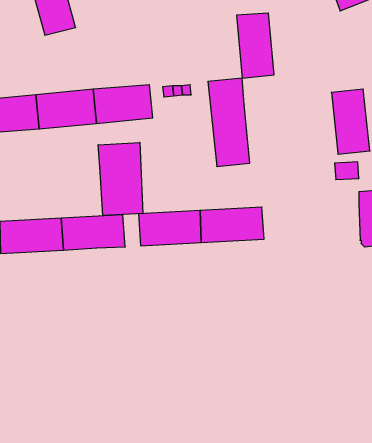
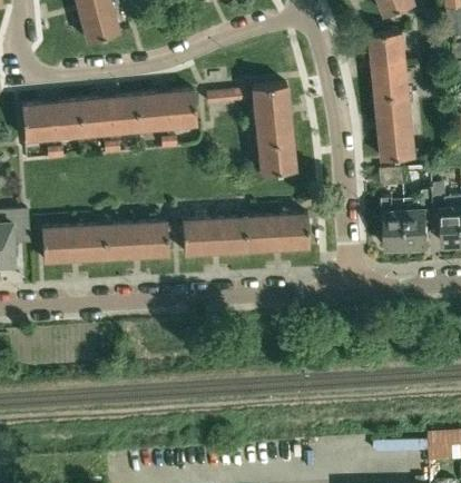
building: [237,13,274,78] -> [371,33,409,99]
building: [98,142,143,216] -> none
building: none -> [381,197,405,249]

